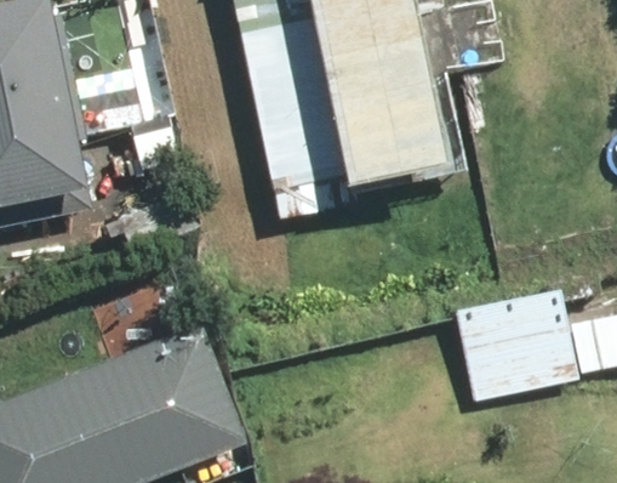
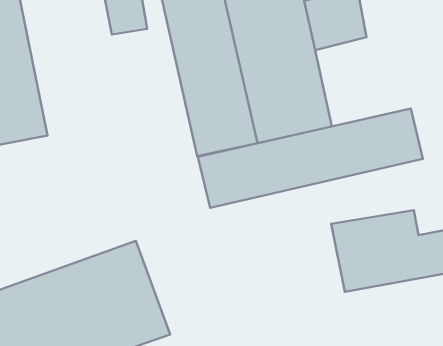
building: none -> [198,109,423,208]

